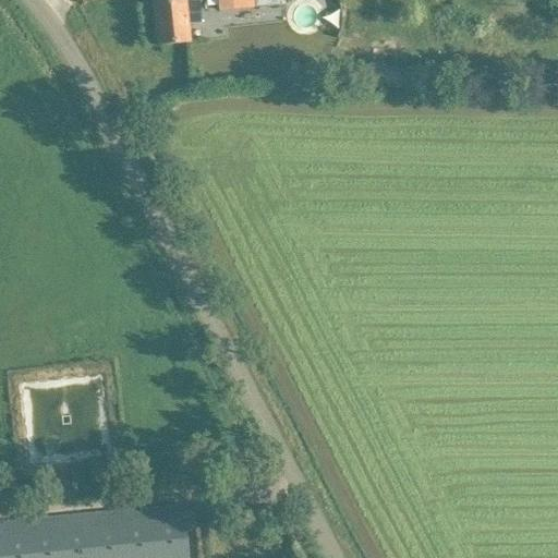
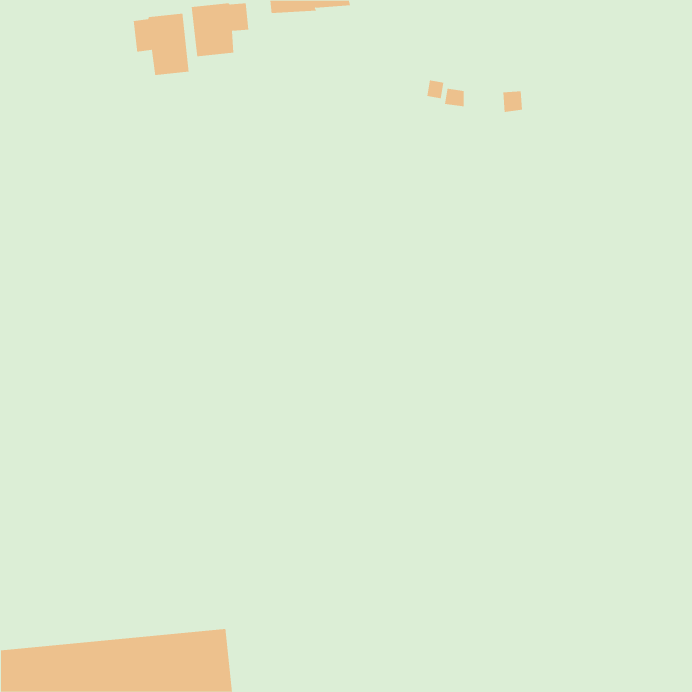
building: none -> [133,13,189,76]

